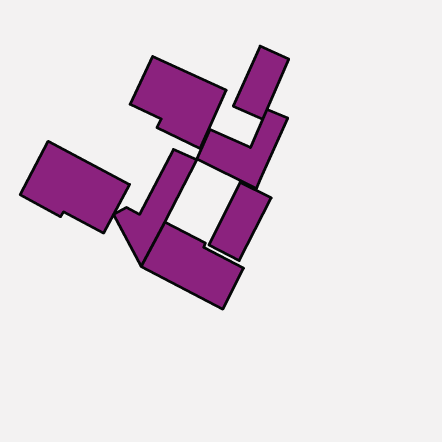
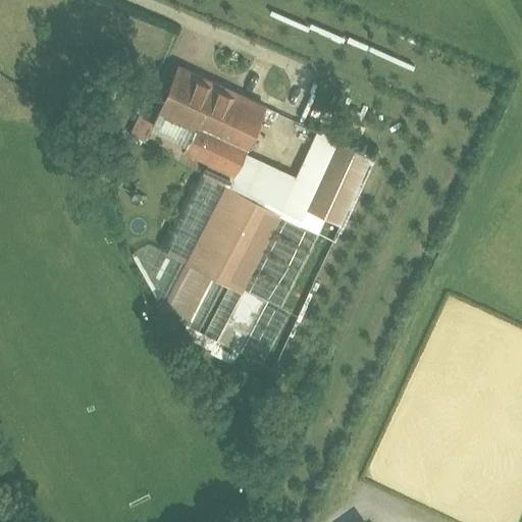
building: [233,46,289,119] -> [308,141,373,226]
building: [20,141,130,233] -> none
building: none -> [195,190,283,290]

